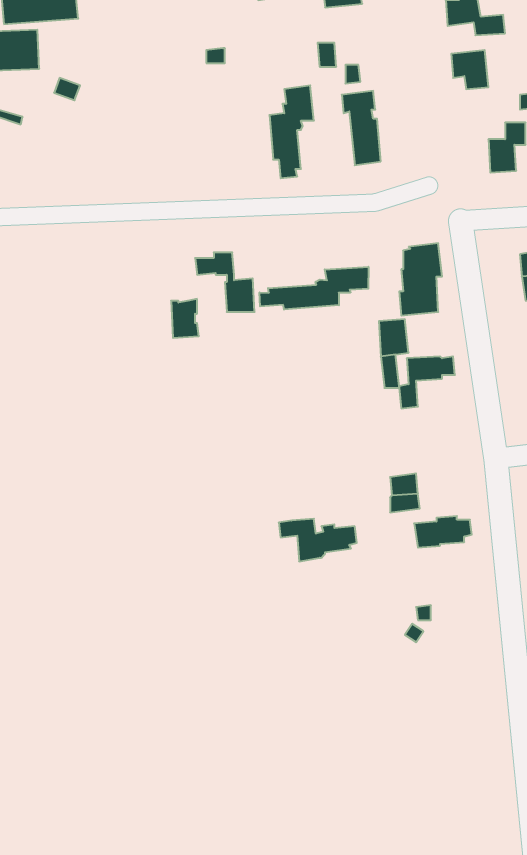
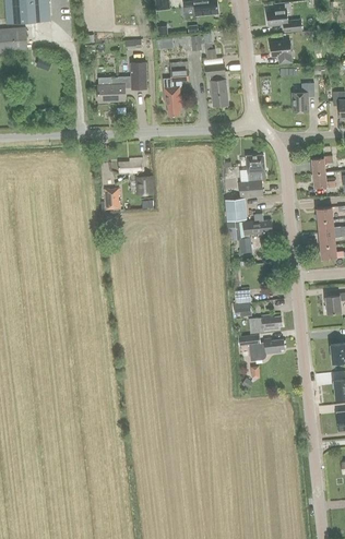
building: none -> [98,61,146,100]
building: [260,267,368,310] -> none
building: [279,519,357,561] -> [238,333,284,358]

